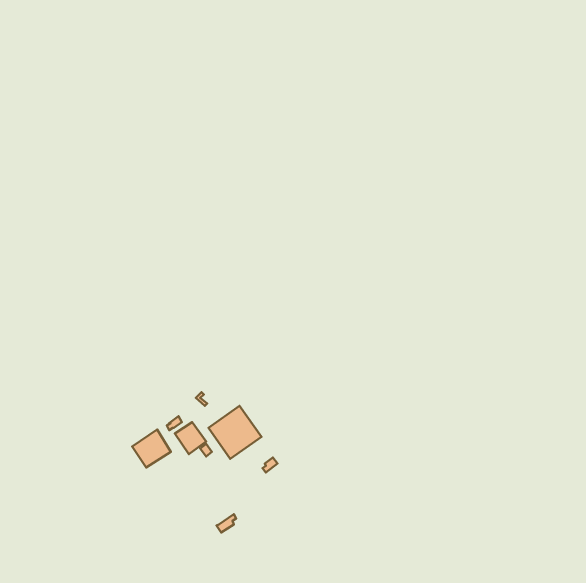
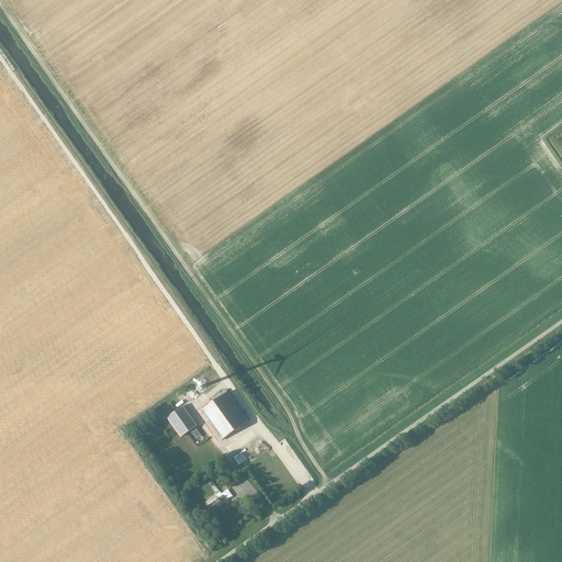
building: [132,430,171,467] -> none

